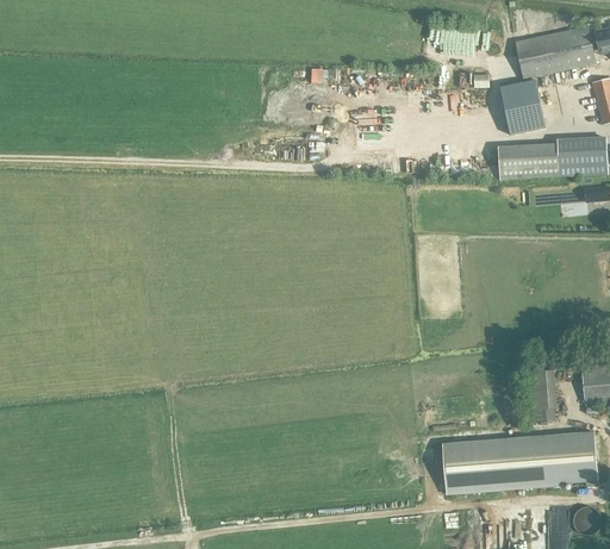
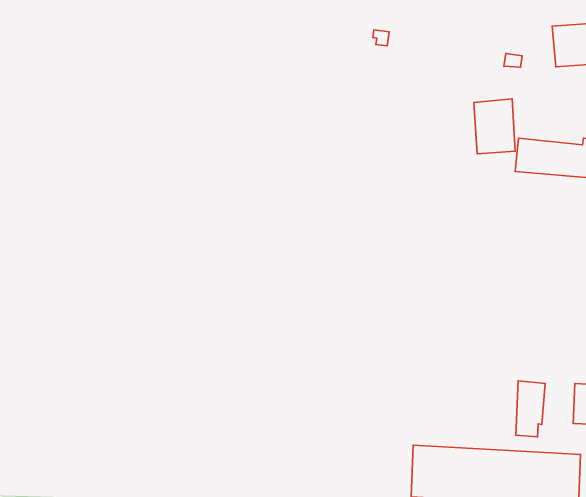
building: [500,79,544,133] -> [474,99,515,154]

